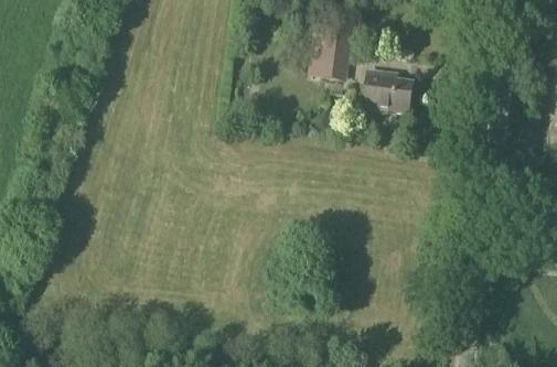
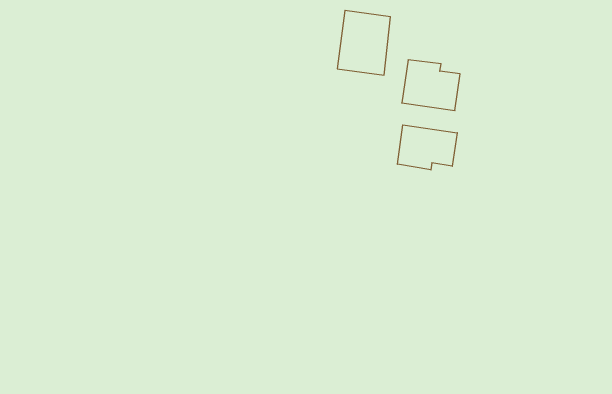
building: none -> [397,125,457,170]

